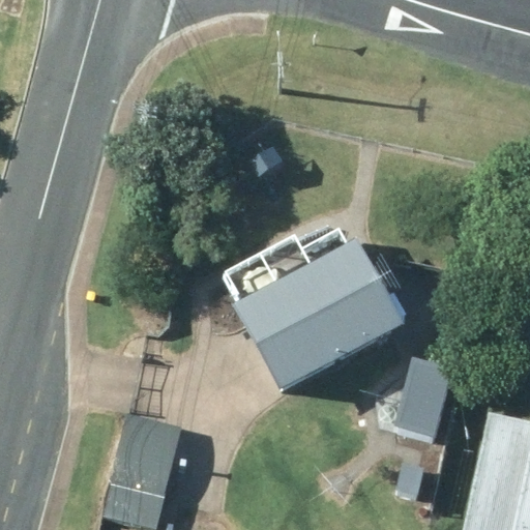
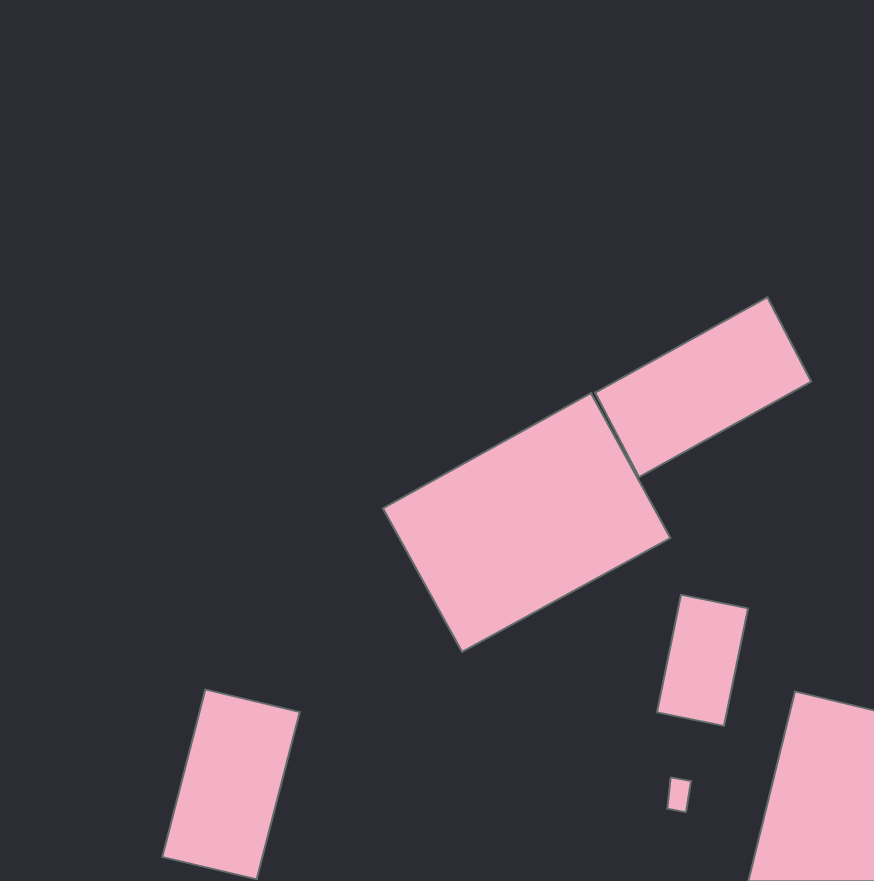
building: none -> [595,297,811,477]

